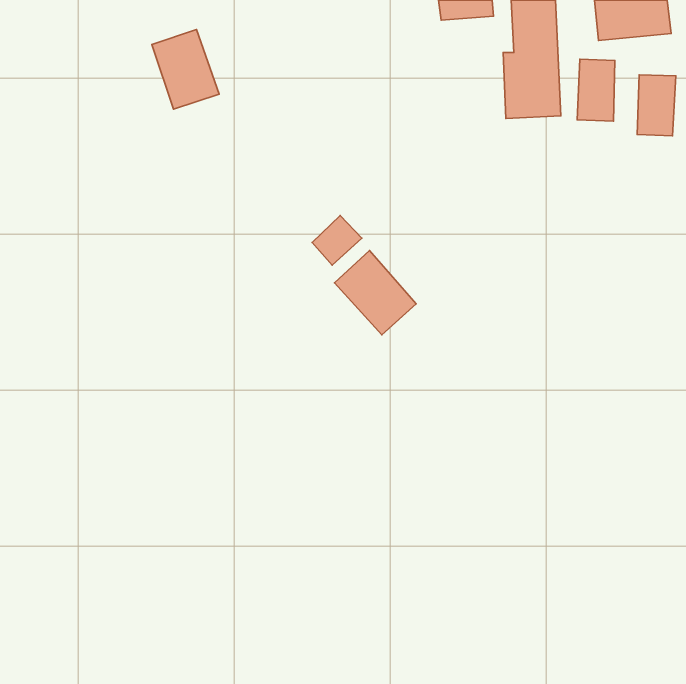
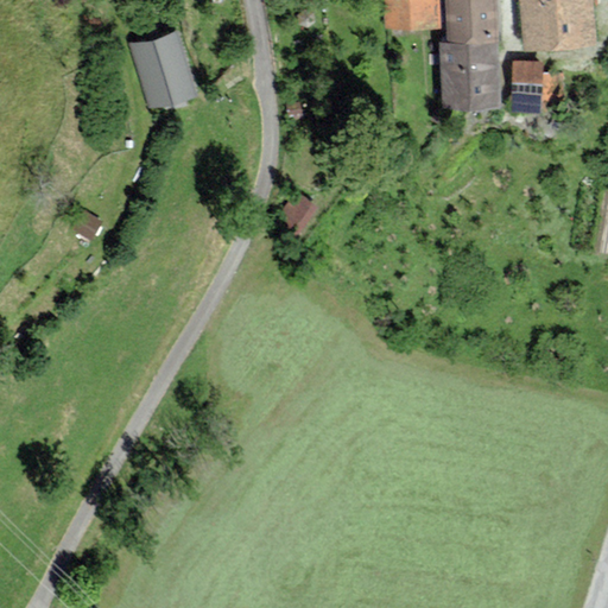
building: [637,75,676,136] -> none
building: [335,251,416,335] -> none

